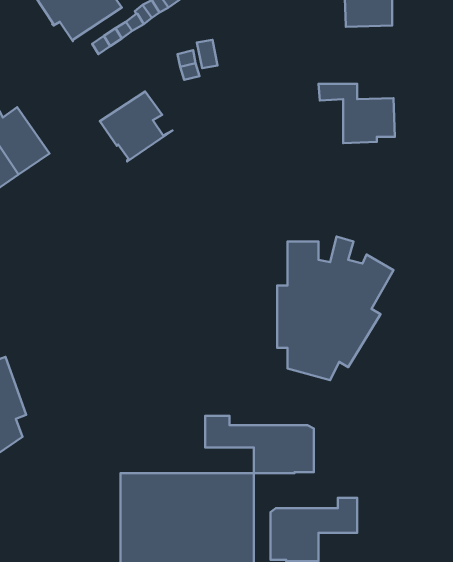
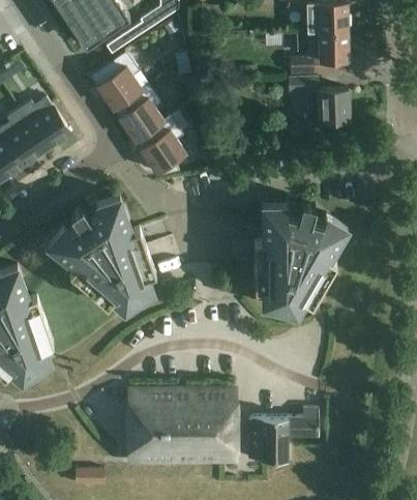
building: none -> [292,31,347,73]
building: none -> [90,51,148,108]
building: none -> [133,115,185,175]
building: none -> [47,195,155,311]
building: [205,416,314,473] -> none

